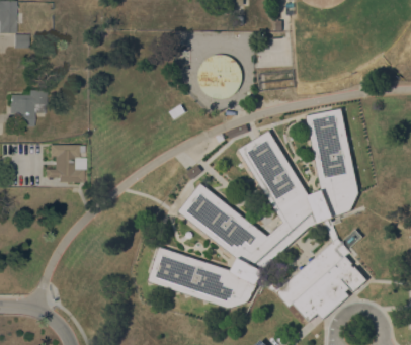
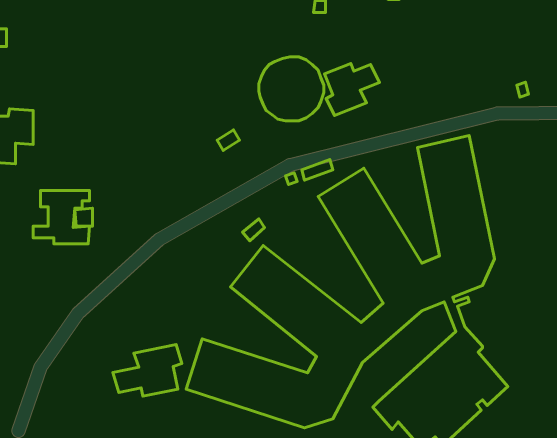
building: none -> [325,63,379,116]
building: none -> [113,345,182,396]

